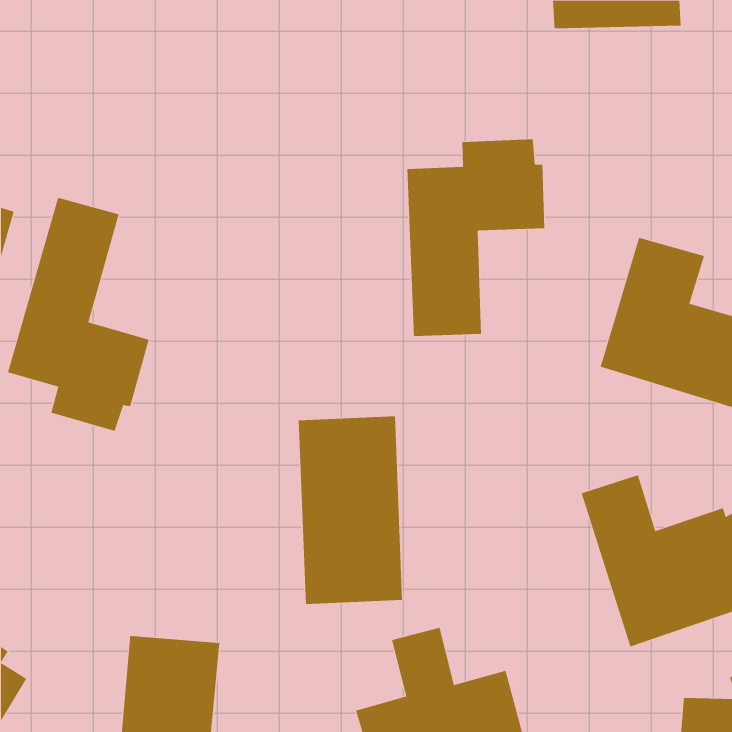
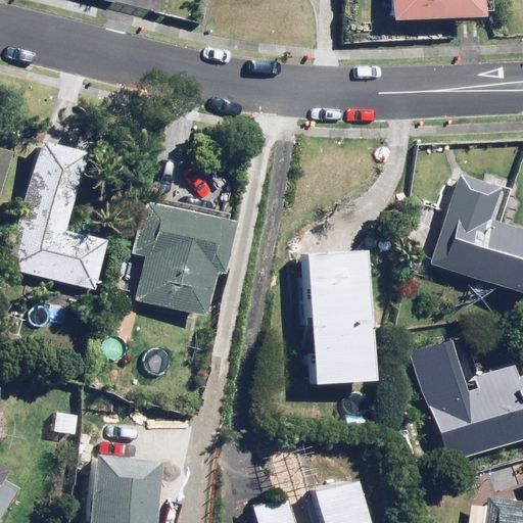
building: [407,139,545,337] -> none
building: none -> [132,201,240,316]
building: [298,416,403,604] -> [300,247,375,381]

